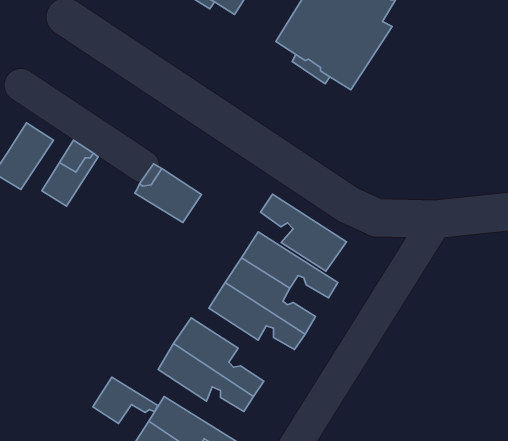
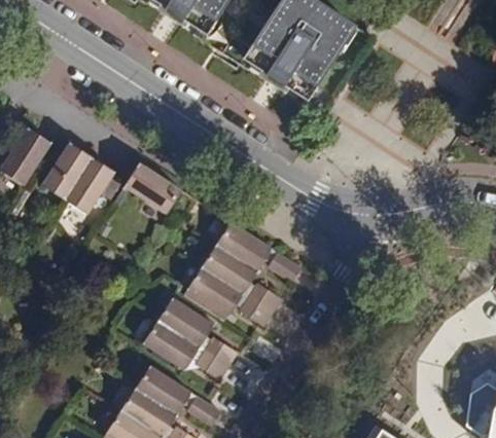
building: none -> [63,156,114,215]
building: [260,194,346,271] -> none
building: [93,377,158,424] -> none

